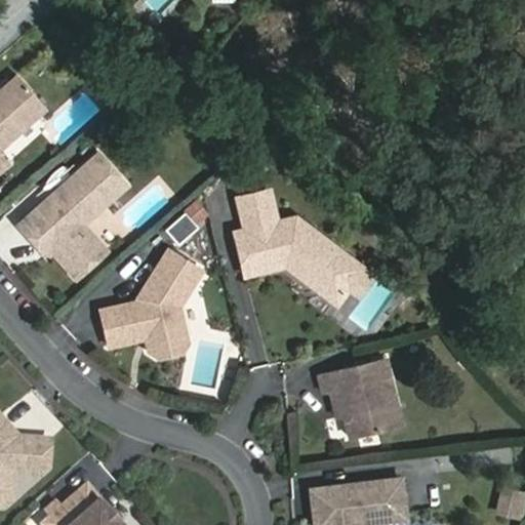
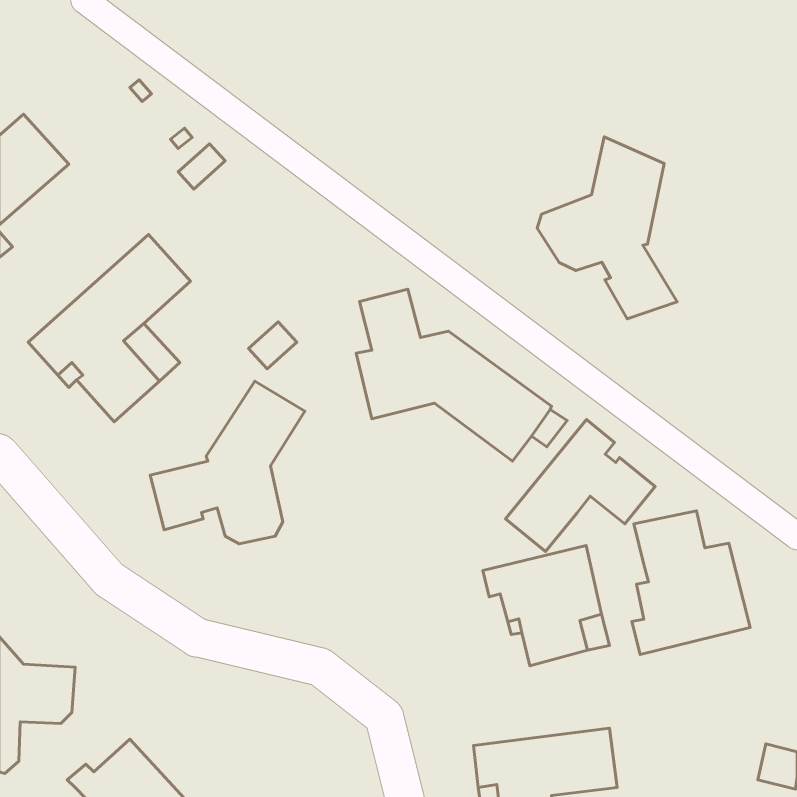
building: none -> [537,137,677,319]
building: none -> [506,420,655,552]
building: none -> [632,511,750,654]

